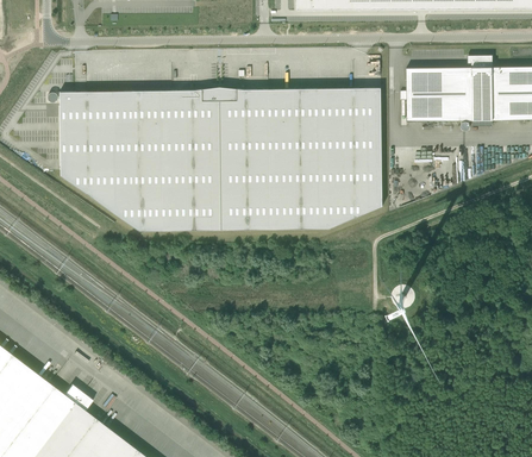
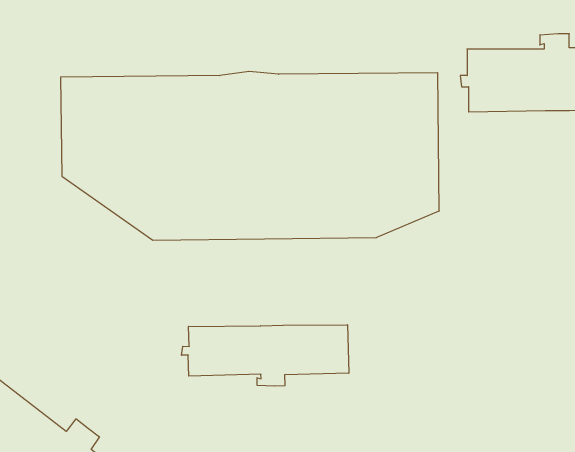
building: none -> [182,325,349,386]

